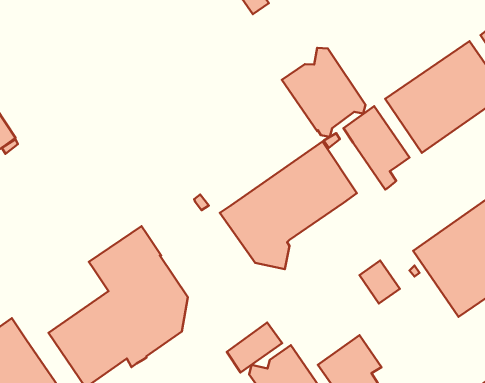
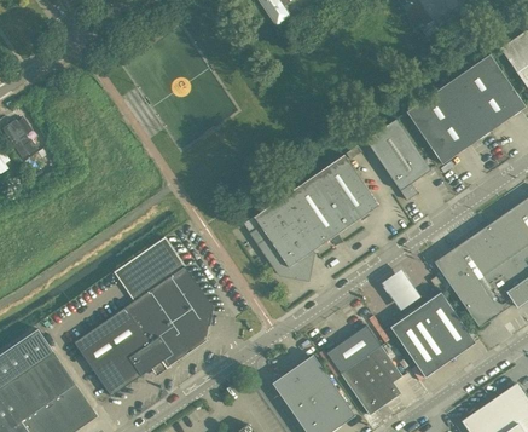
building: [282,48,365,137] -> none
building: none -> [390,292,475,378]
building: [227,322,282,373] -> [326,324,381,374]

